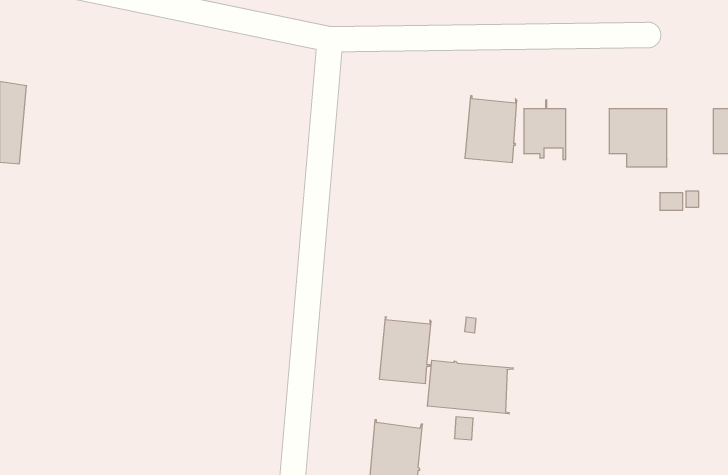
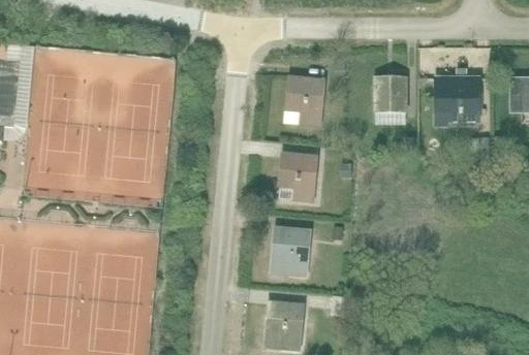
building: [465,96,517,162] -> [286,76,323,124]
building: none -> [279,153,317,201]
building: [427,360,513,414] -> none

